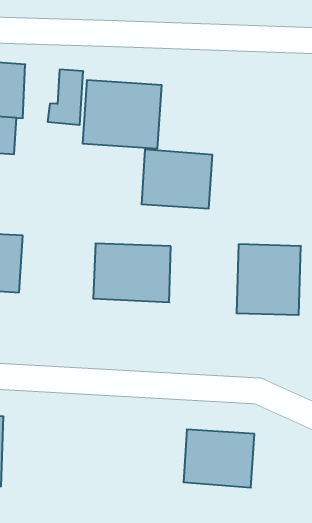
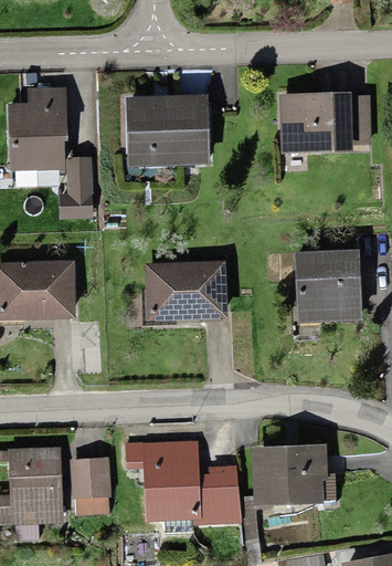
building: [48,70,83,125] -> [61,158,94,213]
building: [141,149,212,208] -> [282,94,351,150]
building: none -> [131,440,235,516]
building: none -> [73,459,109,514]

